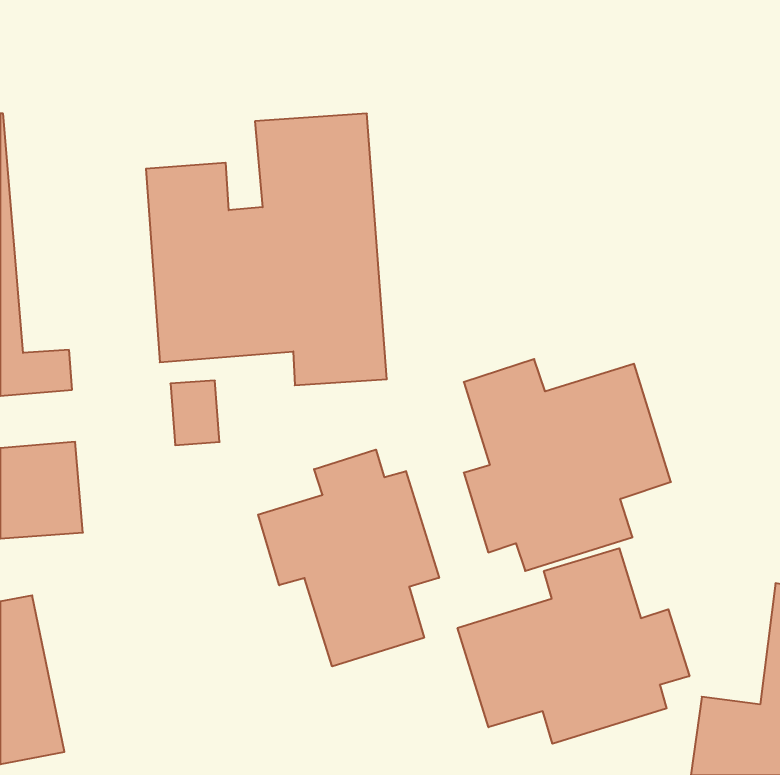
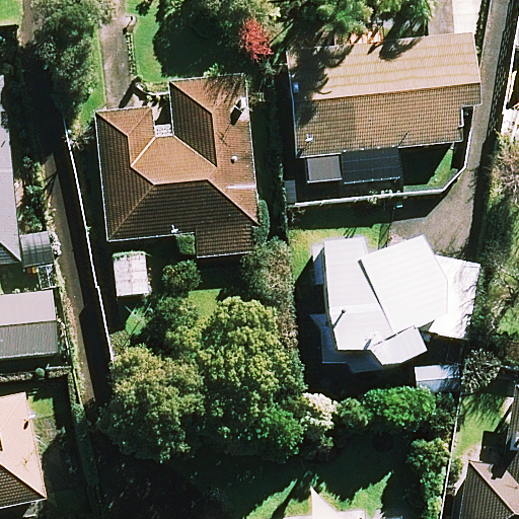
building: none -> [288,36,477,181]
building: [258,450,439,666] -> none
building: [458,548,689,744] -> none

